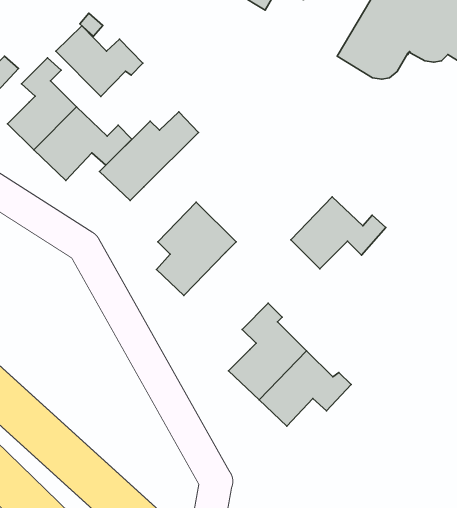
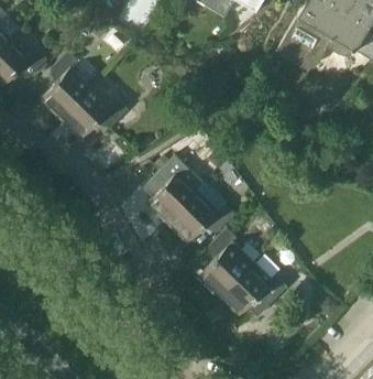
building: [56,26,143,96] -> none
building: [99,112,198,201] -> none
building: [291,197,386,269] -> [167,191,235,242]

